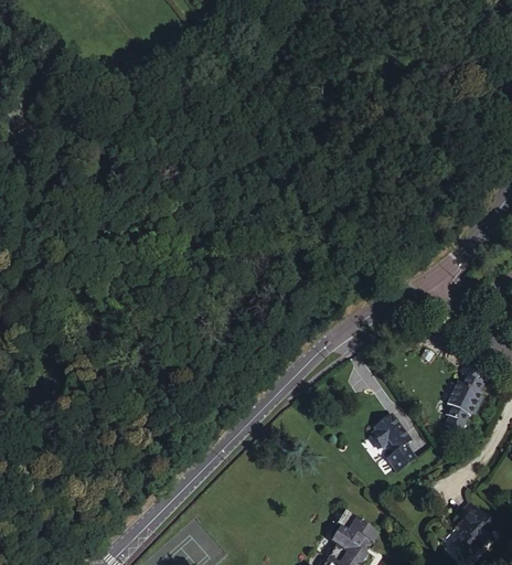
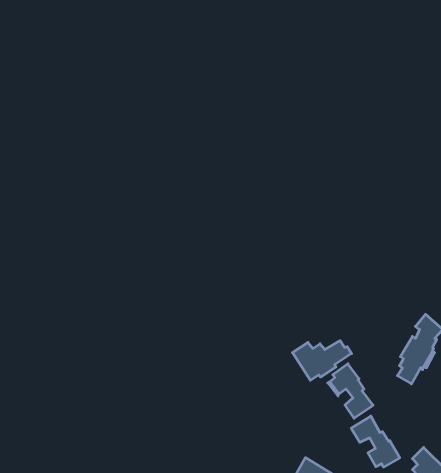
building: none -> [292,341,352,380]
building: none -> [351,416,400,467]

